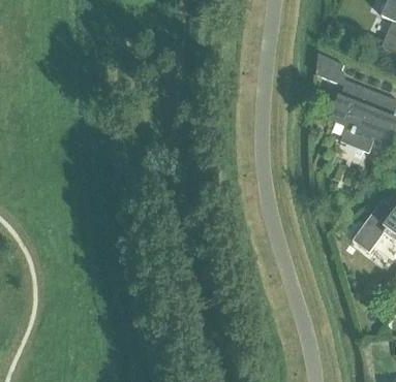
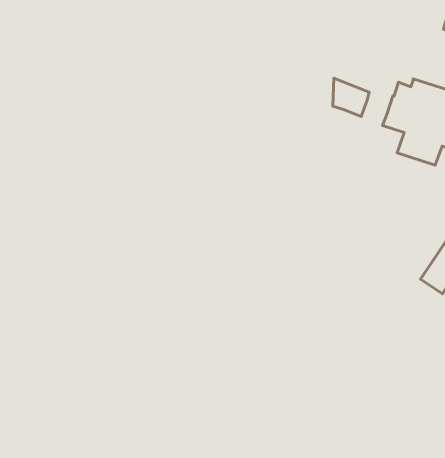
building: [315,53,344,84] -> [333,78,369,116]

